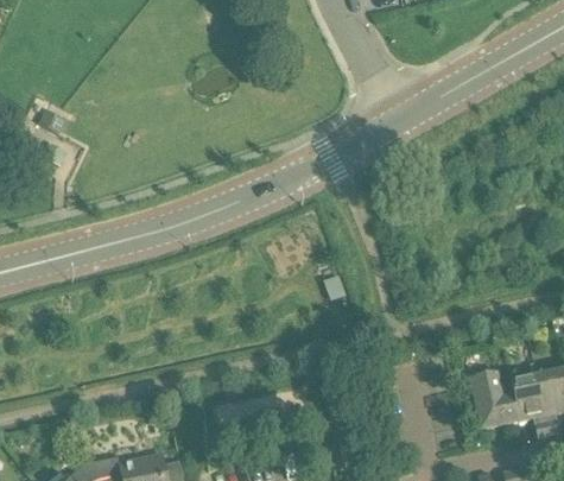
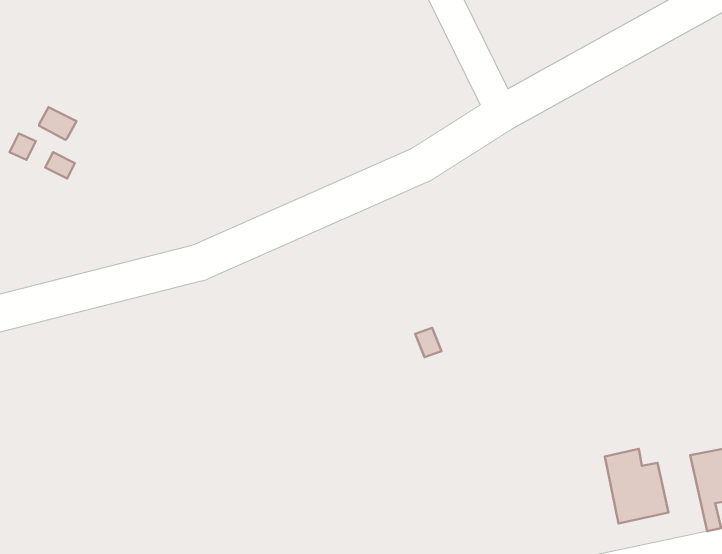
building: [511,375,549,436] -> none

